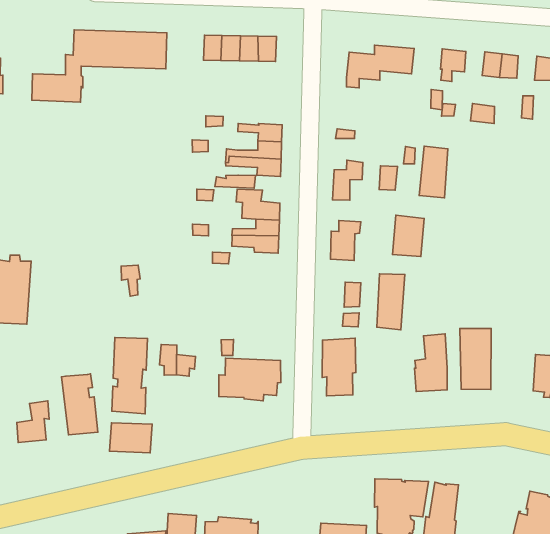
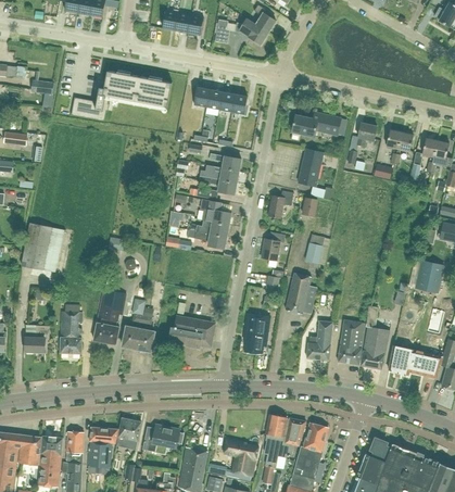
building: [419,146,448,198] -> [298,149,323,187]
building: none -> [361,306,389,369]
building: [110,423,152,453] -> [122,326,154,351]

